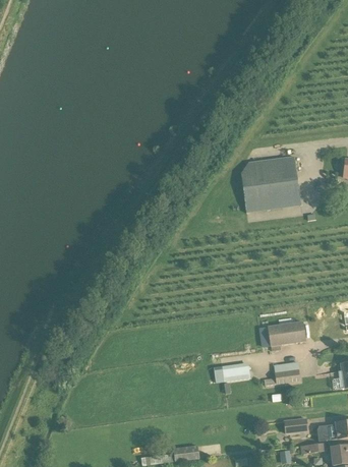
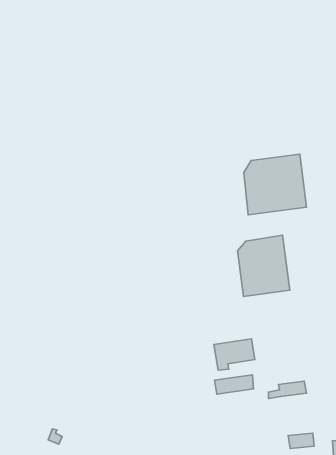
building: none -> [238,235,290,296]
building: [267,320,305,350] -> [214,339,255,370]

